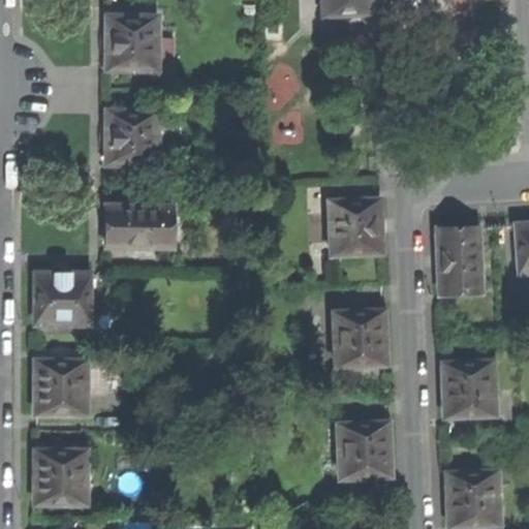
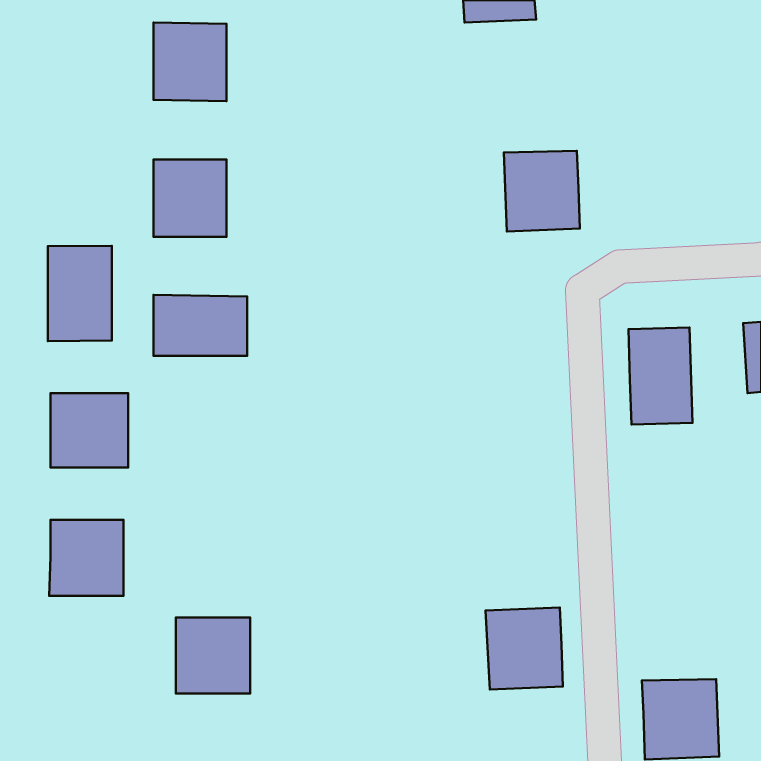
building: none -> [48,246,112,341]
building: [329,199,381,255] -> [504,151,580,231]
building: [333,310,386,367] -> none
building: [441,361,495,417] -> none
building: [34,450,86,503] -> [176,618,250,693]

